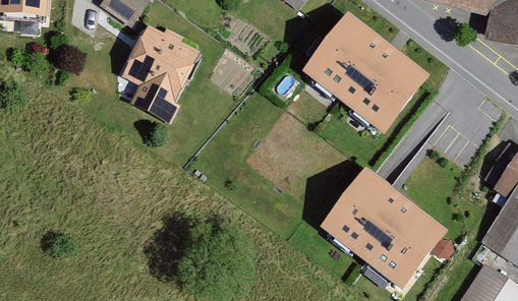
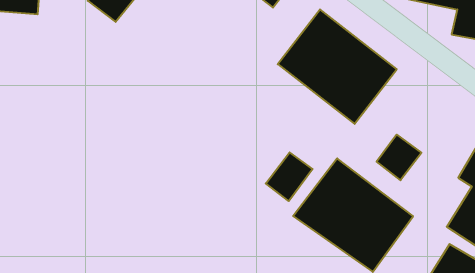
building: [123,26,199,120] -> none
building: none -> [377,135,421,180]
building: none -> [266,152,313,201]

